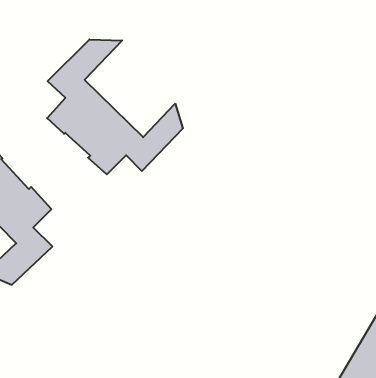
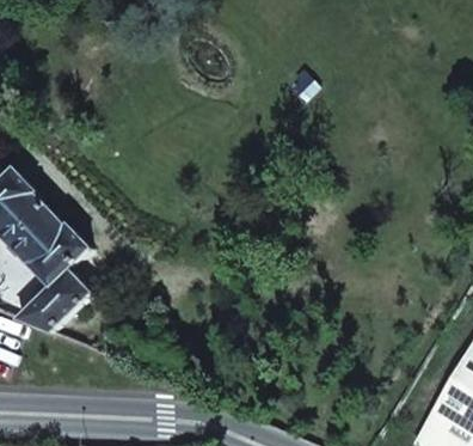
building: [47,39,183,174] -> none

